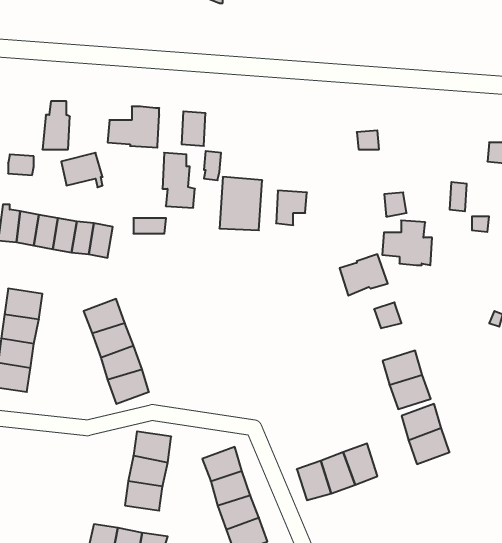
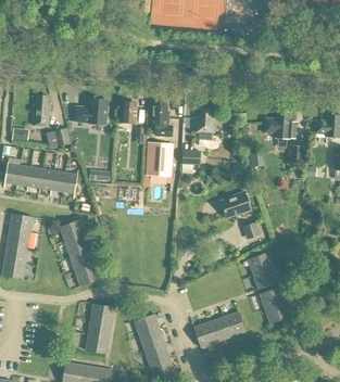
building: none -> [193,105,215,141]
building: [162,153,195,208] -> [151,102,172,137]
building: [382,220,432,265] -> [264,111,295,139]

